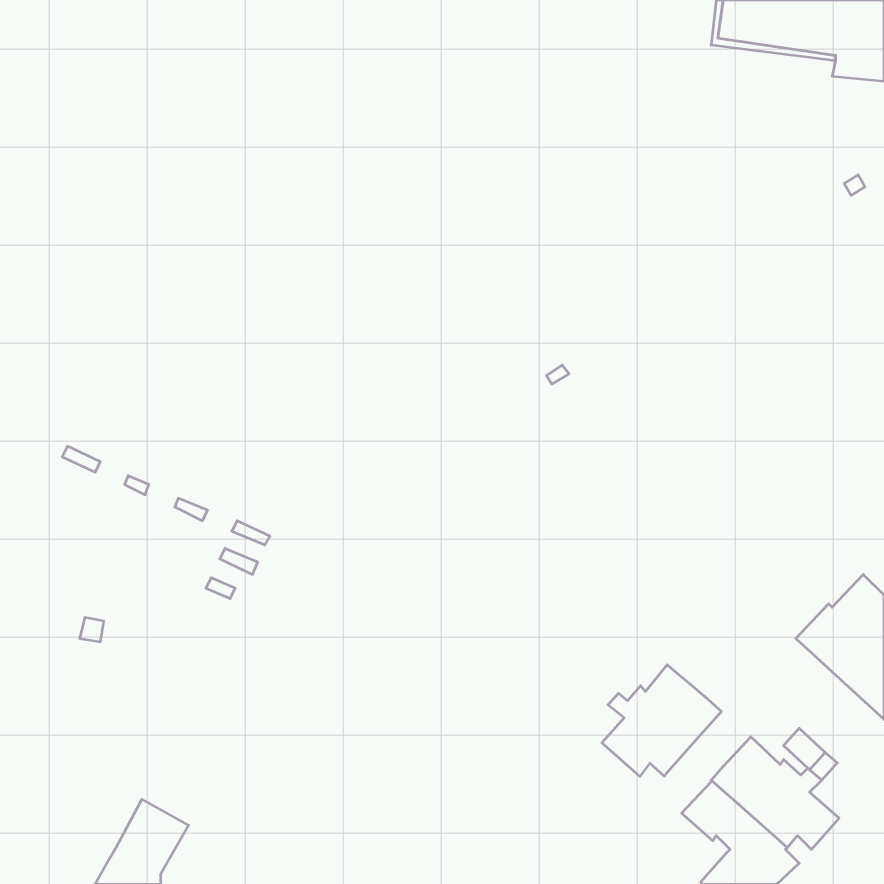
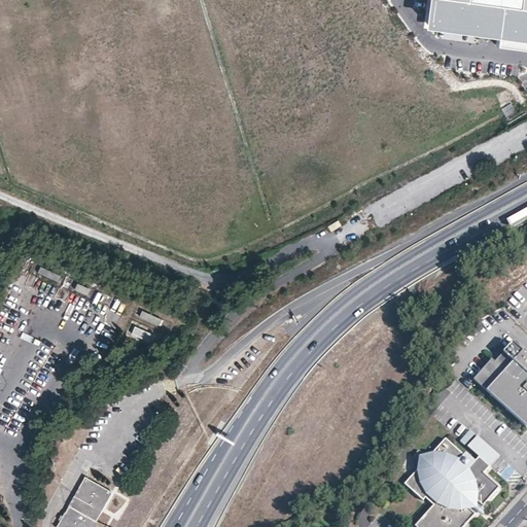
building: [602,665,721,776] -> none

